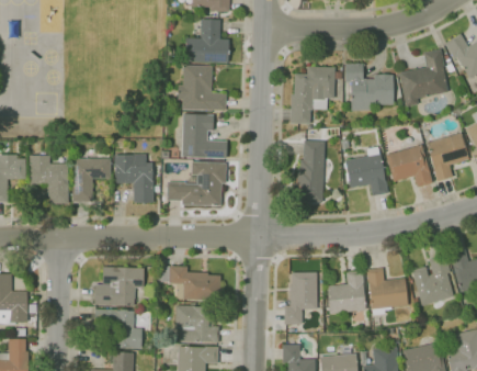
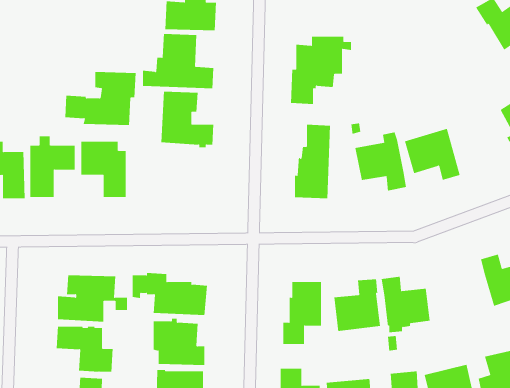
building: [399,48,448,106] -> none
building: [345,63,394,111] -> none
building: [428,133,469,181] -> none
building: [167,161,227,206] -> [64,72,136,125]
building: [411,255,454,305] -> none

